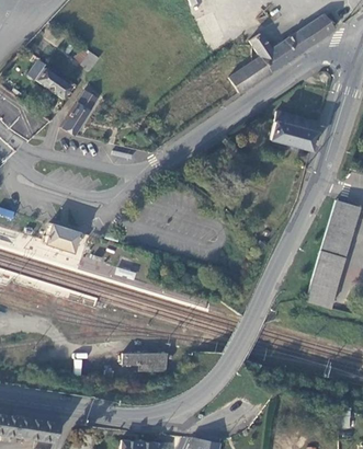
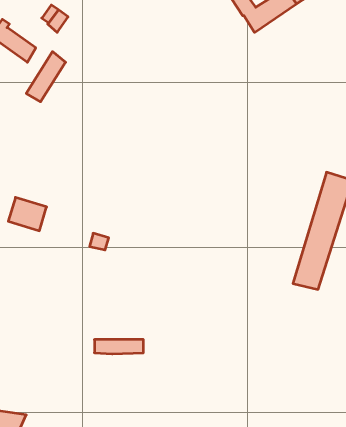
building: [229,56,271,92] -> none
building: [269,112,319,151] -> none

